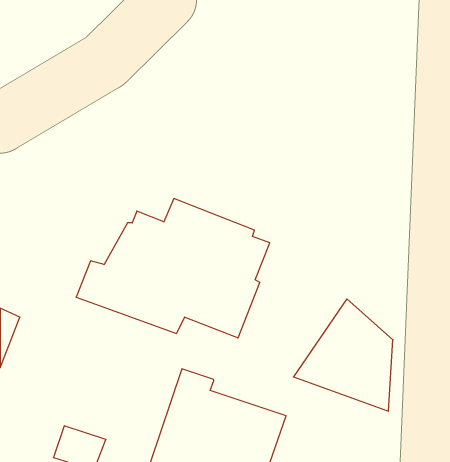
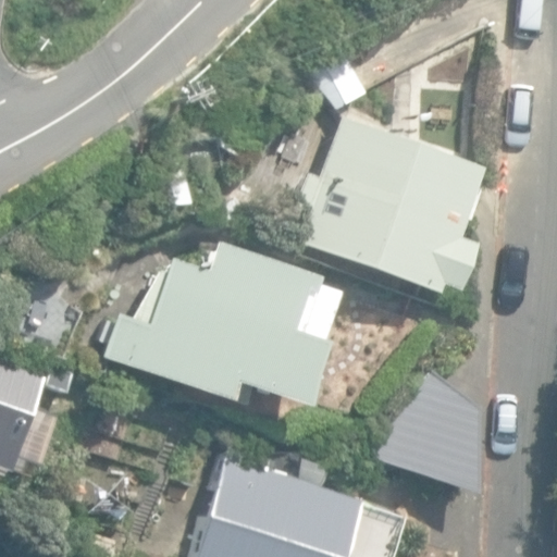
building: none -> [300,115,490,292]

